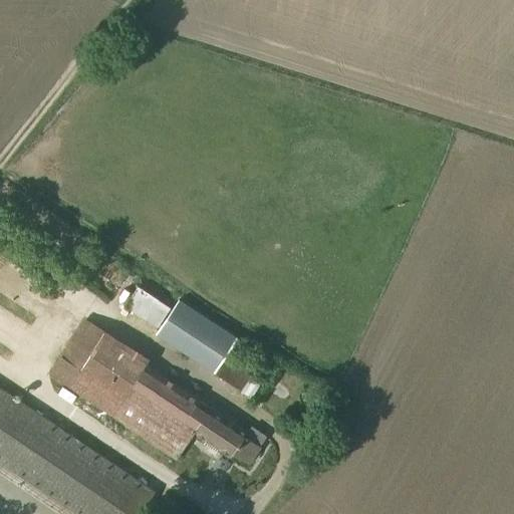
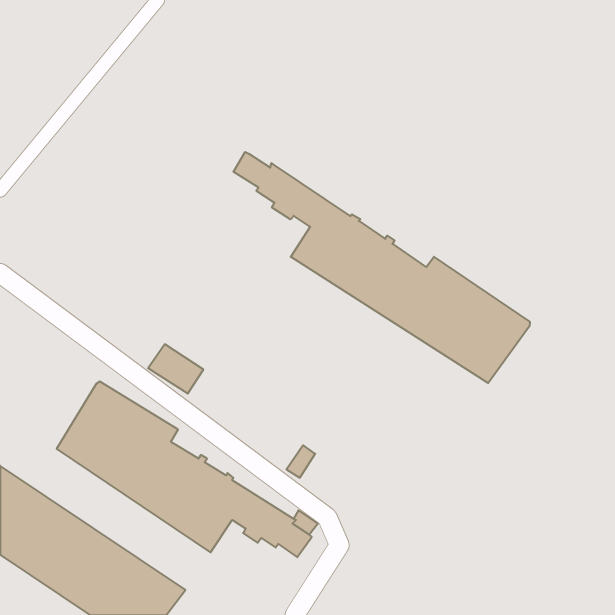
building: none -> [233,152,530,383]
building: [156,300,237,373] -> none

